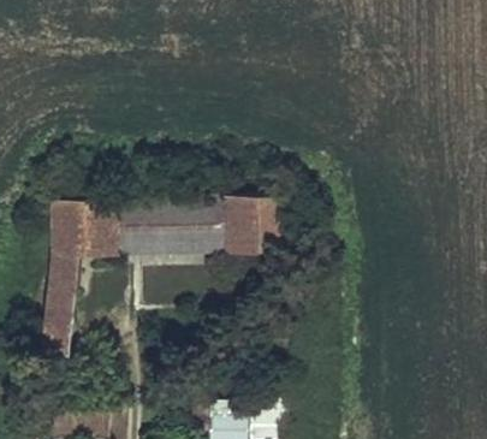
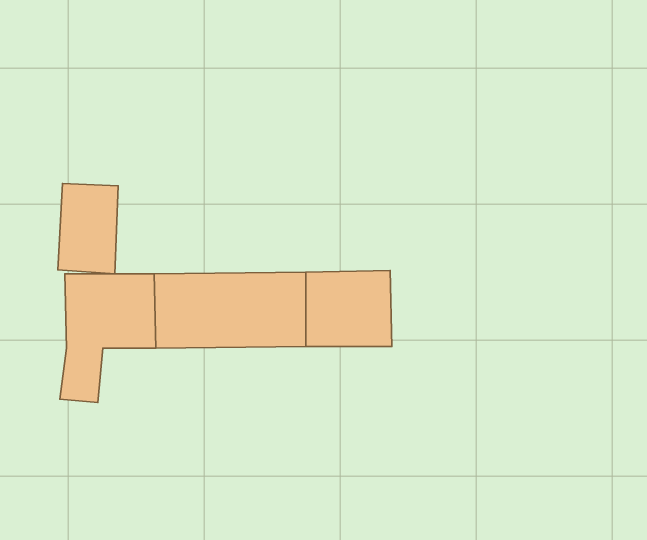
building: none -> [58,184,118,274]
building: [40,295,73,356] -> none

